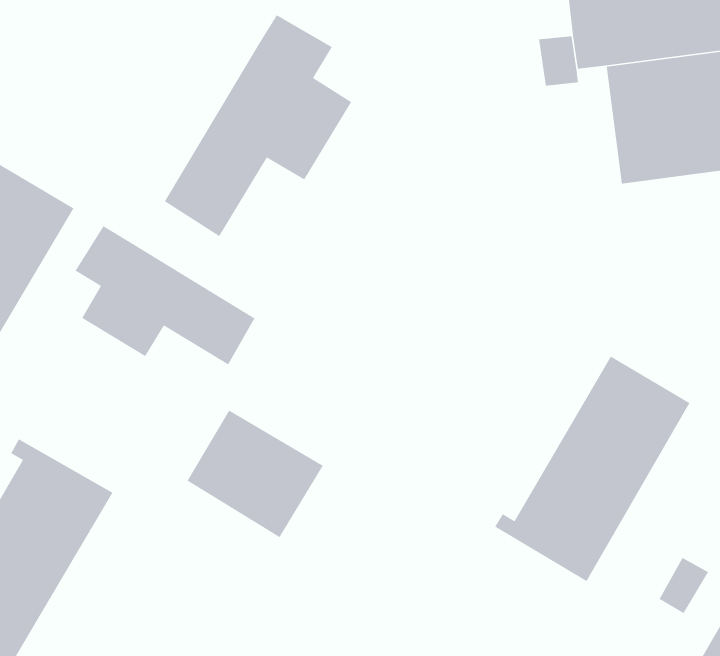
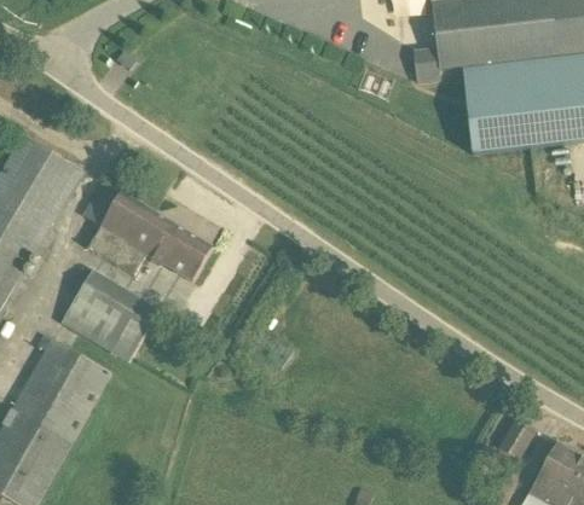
building: [164,14,352,237] -> none
building: [494,355,691,582] -> none
building: [187,410,324,538] -> [62,269,160,361]

